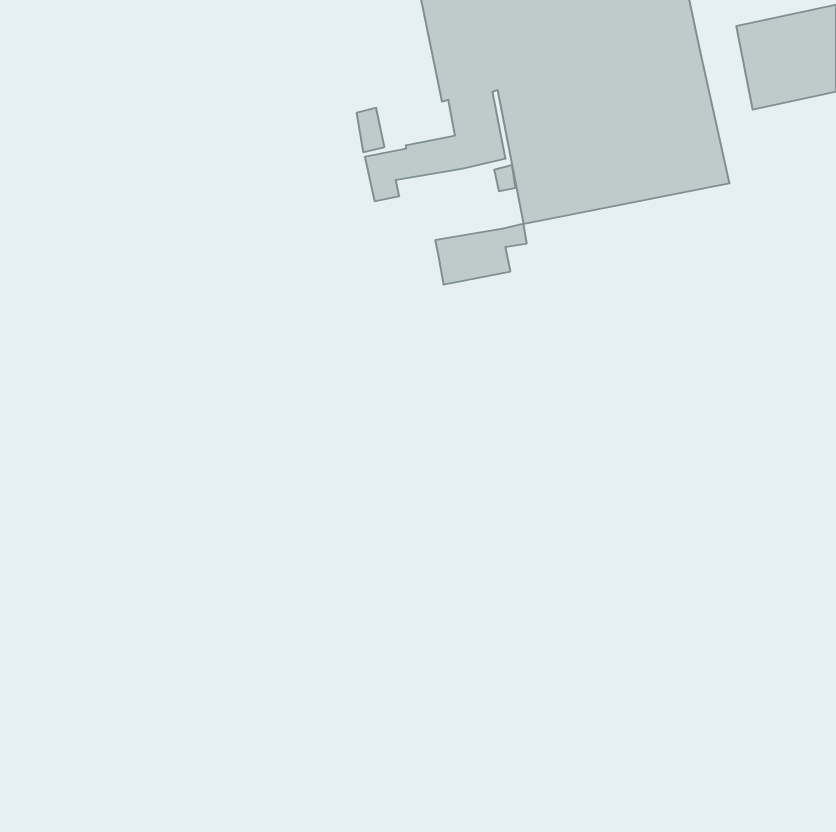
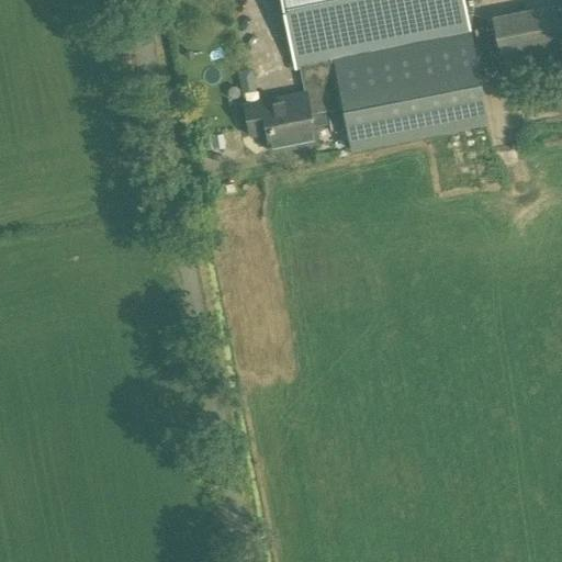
building: [435,224,527,284] -> [266,110,327,150]

